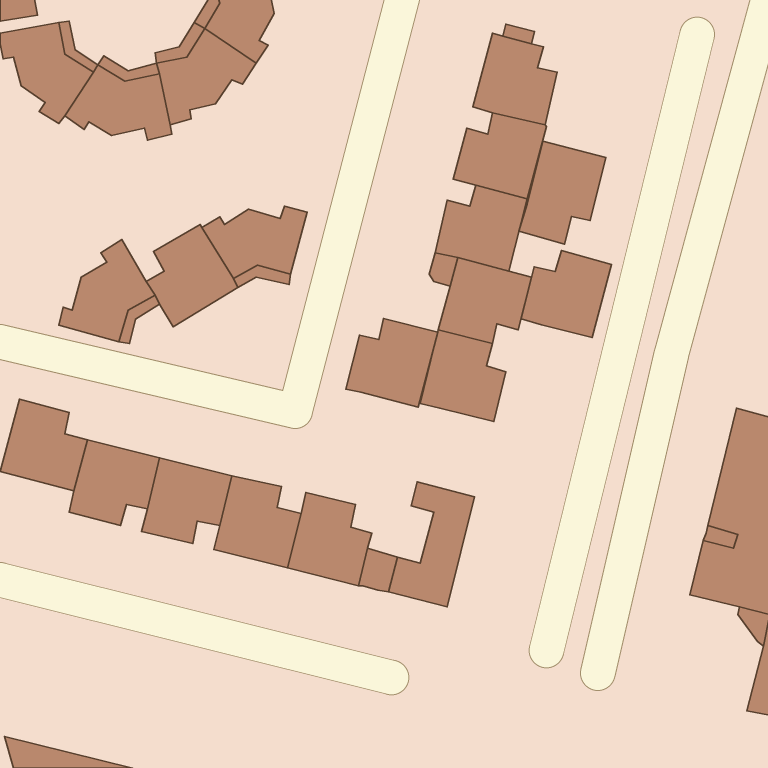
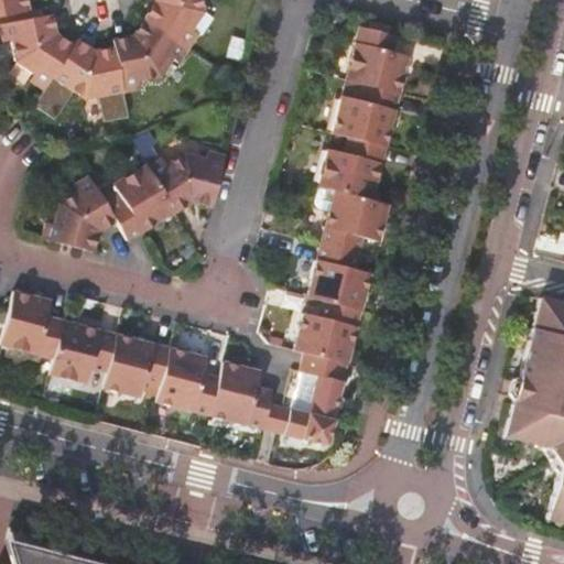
building: [519,141,606,244] -> none
building: [521,251,611,337] -> none
building: [346,318,438,407] -> [295,299,362,364]

